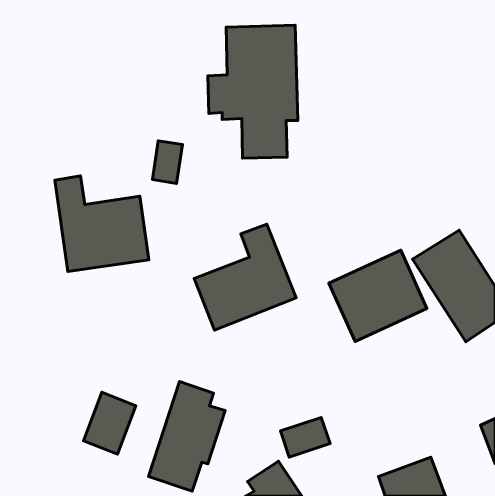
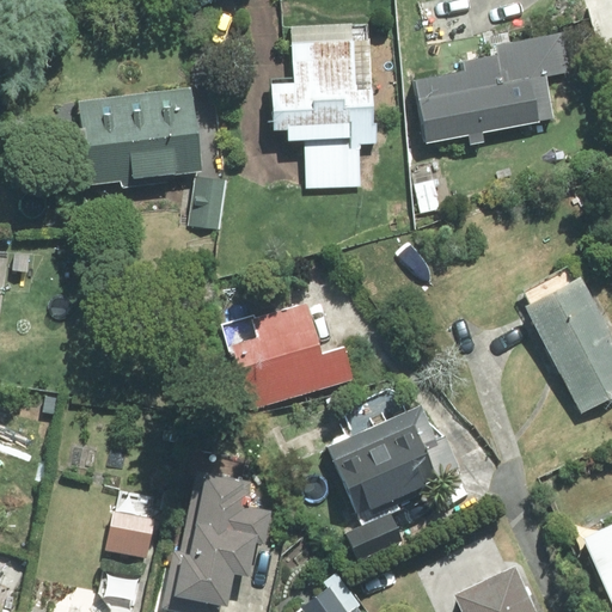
building: none -> [398,29,568,157]
building: none -> [79,82,216,184]
building: [55,176,149,272] -> none
building: [329,250,427,341] -> [328,406,448,519]

